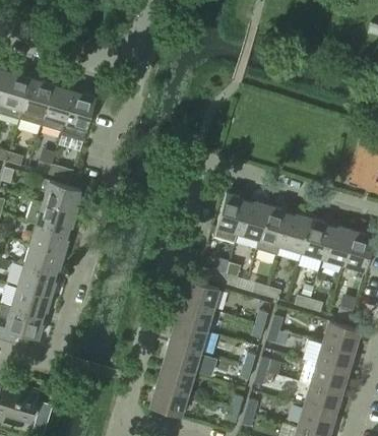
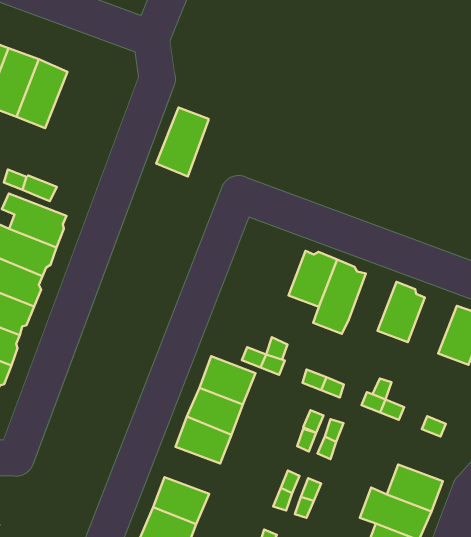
building: [62,92,96,139] -> [156,107,209,176]
building: [213,193,247,244] -> none
building: [280,214,311,253] -> none
building: [322,228,354,265] -> none
building: [322,321,360,353] -> none
building: [163,344,200,374] -> none

